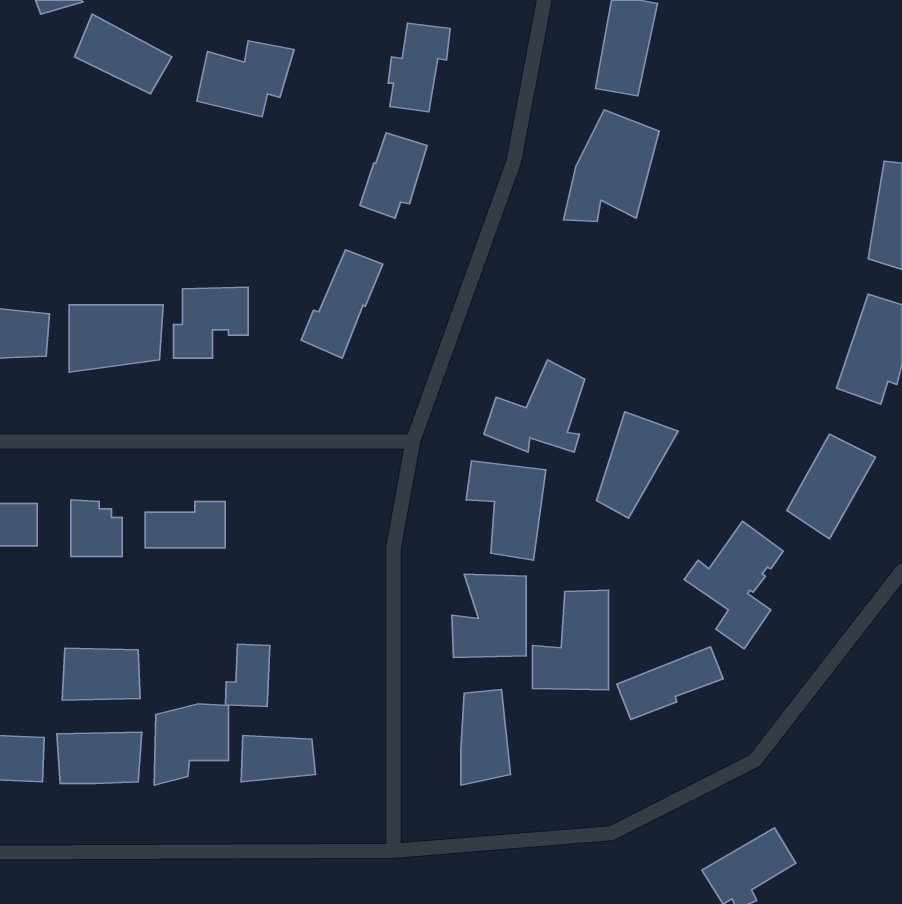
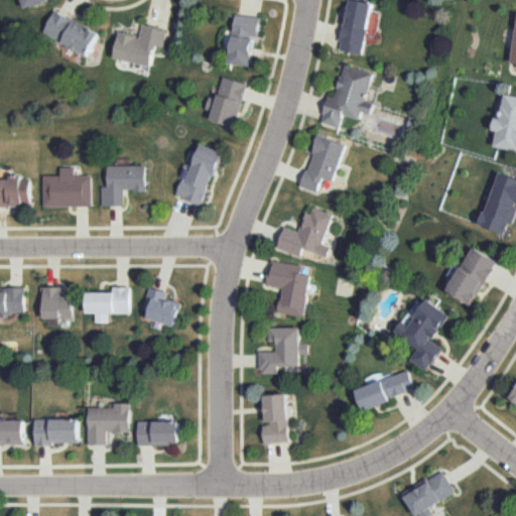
building: [596,412,678,518] -> [299,135,346,196]
building: none -> [139,286,177,326]
building: [532,590,609,690] -> none
building: [225,644,270,707] -> none
building: [62,648,140,700] -> none

